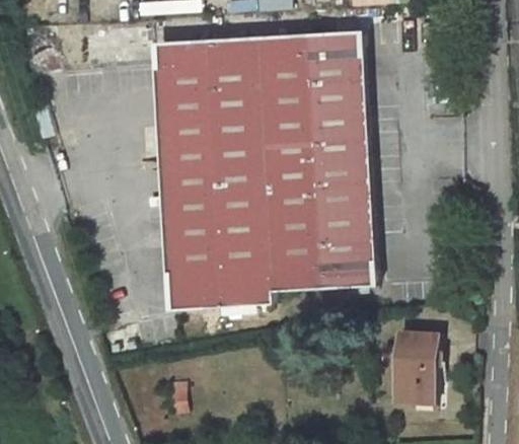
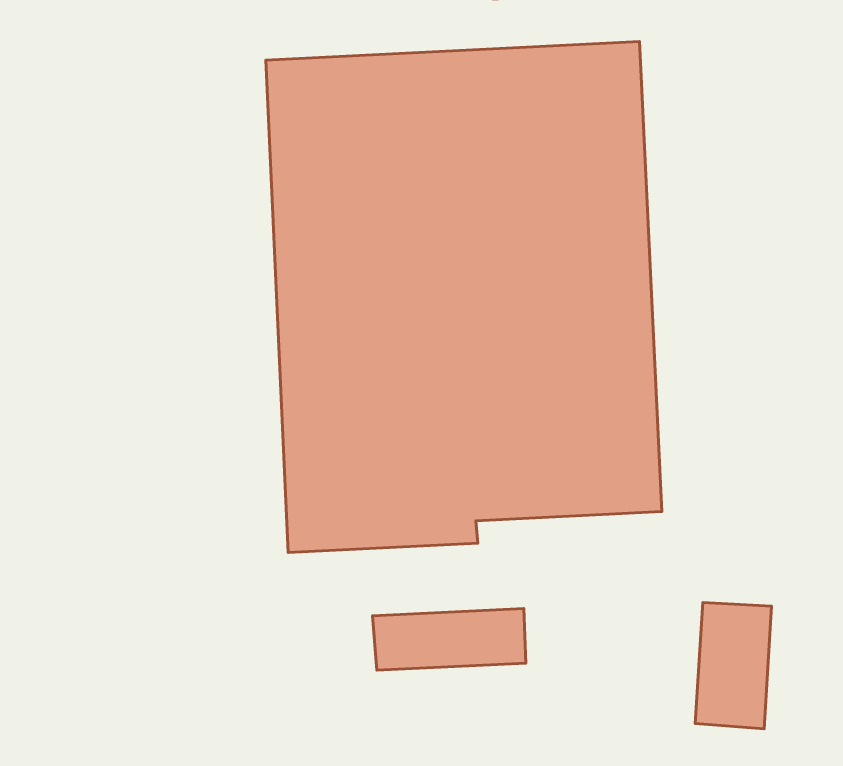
building: none -> [373,609,526,670]

